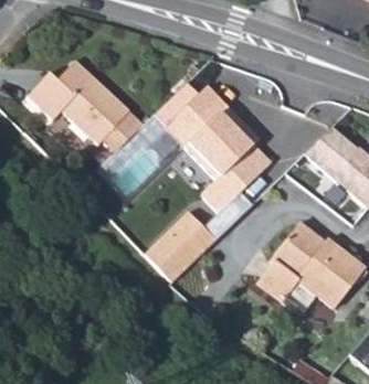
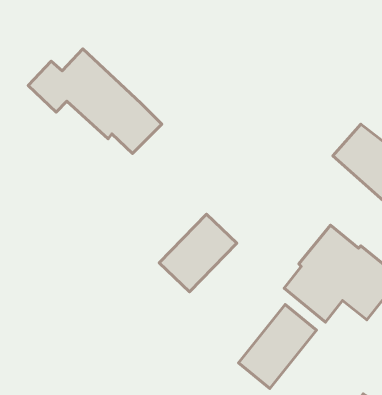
building: [154,81,270,212] -> none
building: none -> [238,304,316,388]

